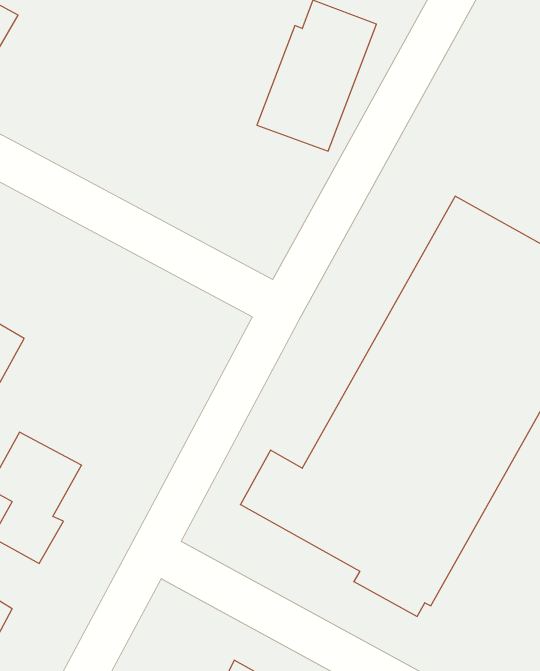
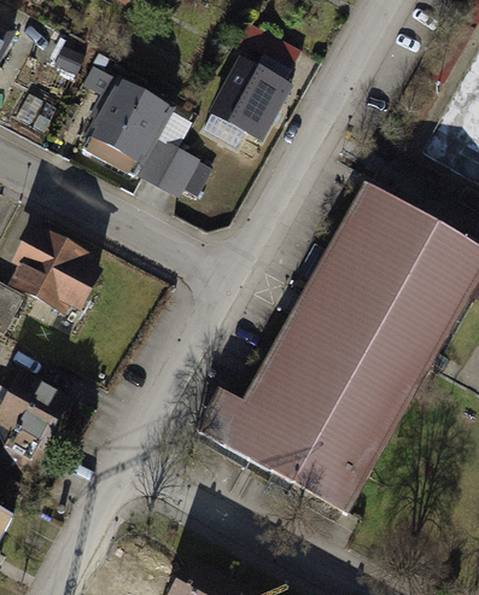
building: none -> [90,83,197,188]
building: none -> [12,227,94,308]

